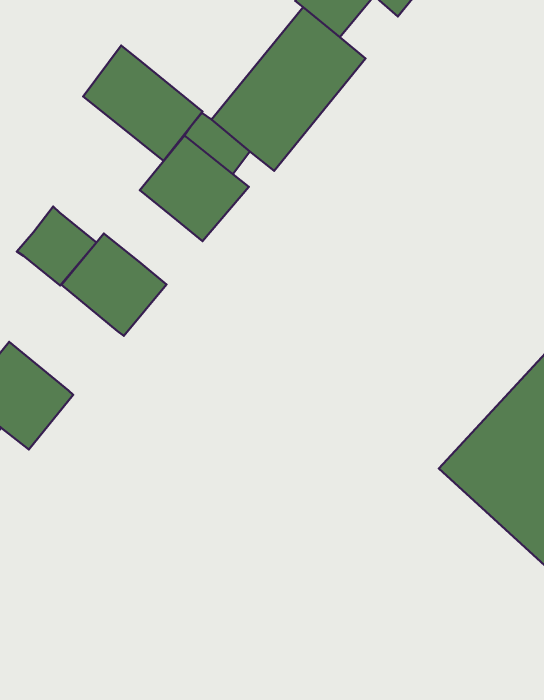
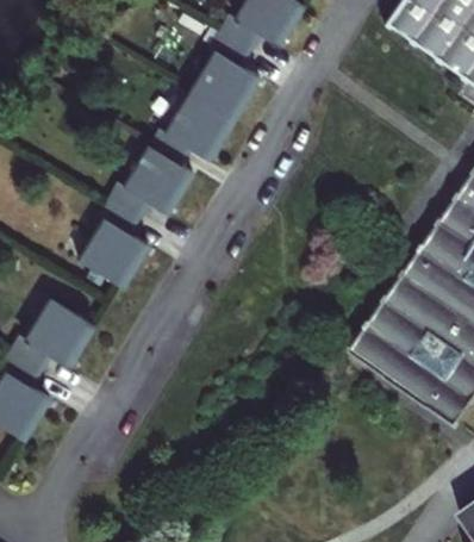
building: [83,45,202,161] -> none
building: [17,206,96,286] -> [96,182,149,235]

